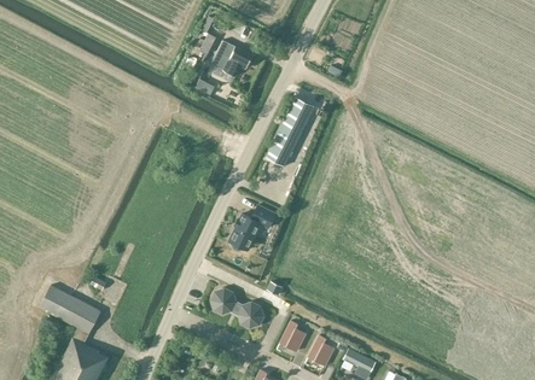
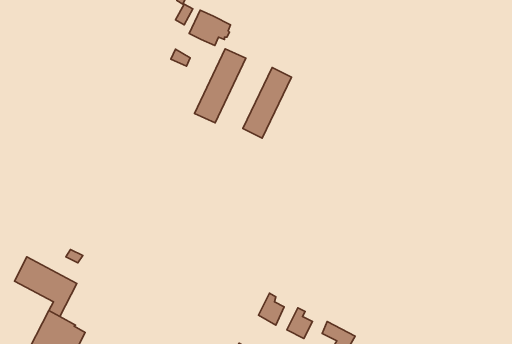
building: none -> [195,49,246,123]
building: [228,206,275,252] -> none
building: [210,288,263,328] -> none

